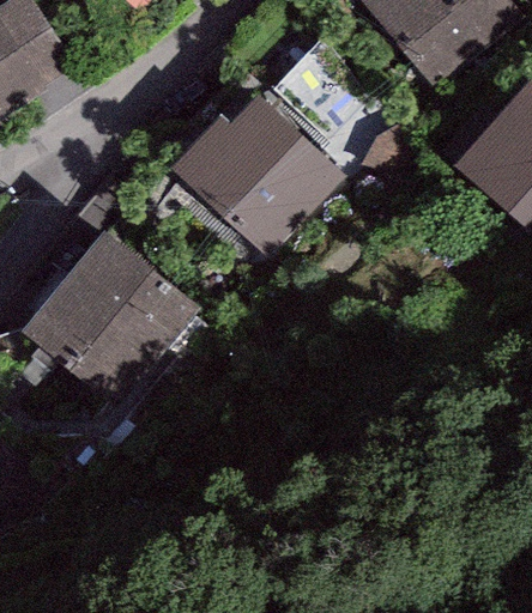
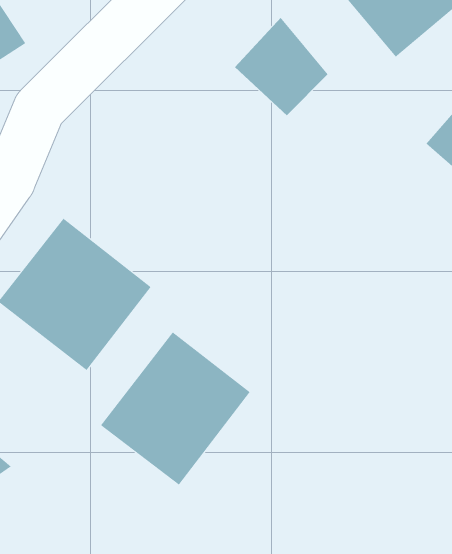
building: [174,101,337,256] -> none
building: none -> [100,331,250,485]

